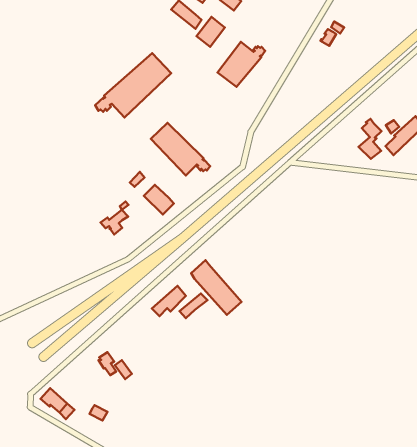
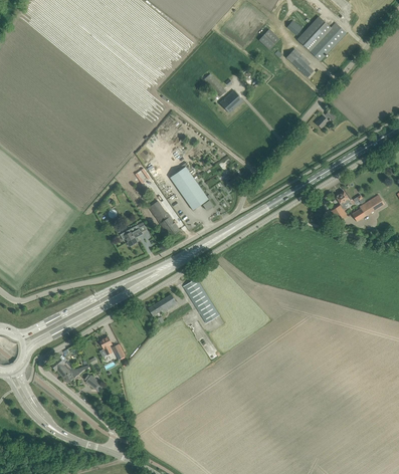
building: [218,42,265,87] -> none
building: [95,53,171,118] -> none

